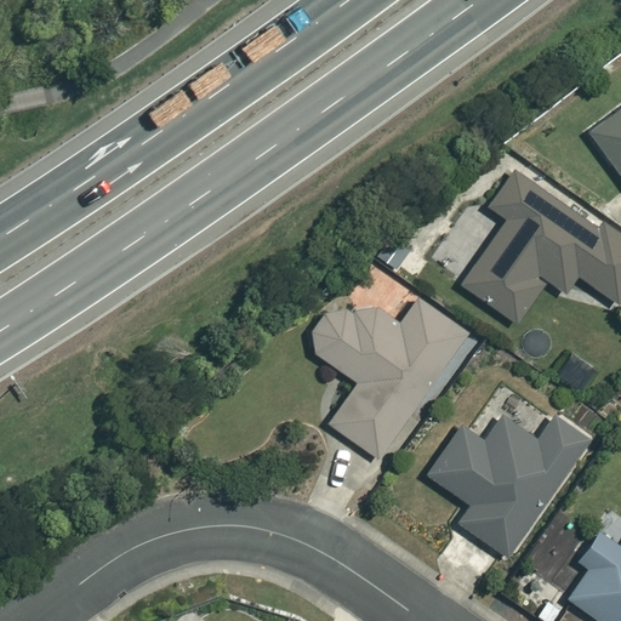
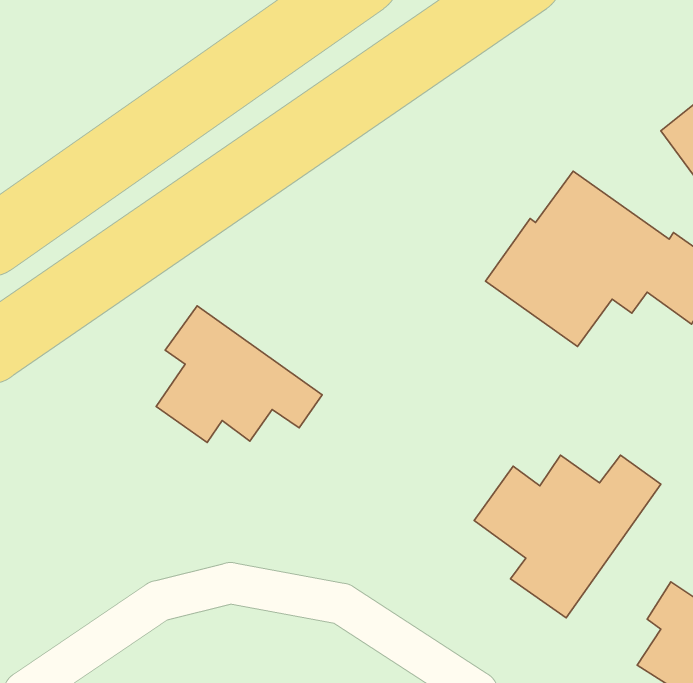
building: none -> [156,306,322,442]
building: [306,292,466,457] -> none

